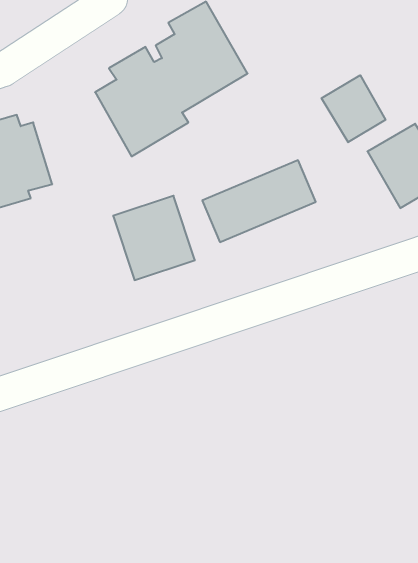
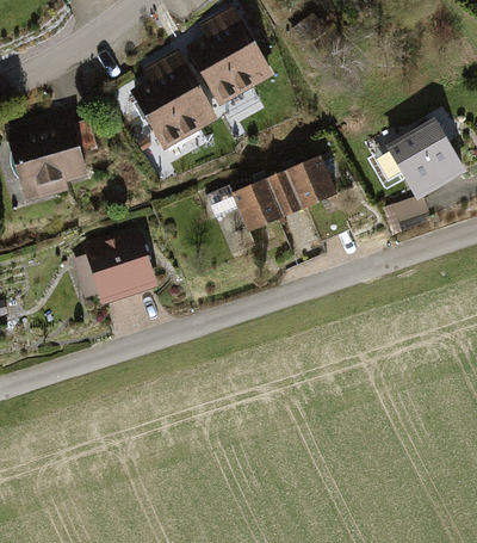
building: [322,75,385,142] -> none
building: [113,196,195,280] -> [81,224,159,304]

